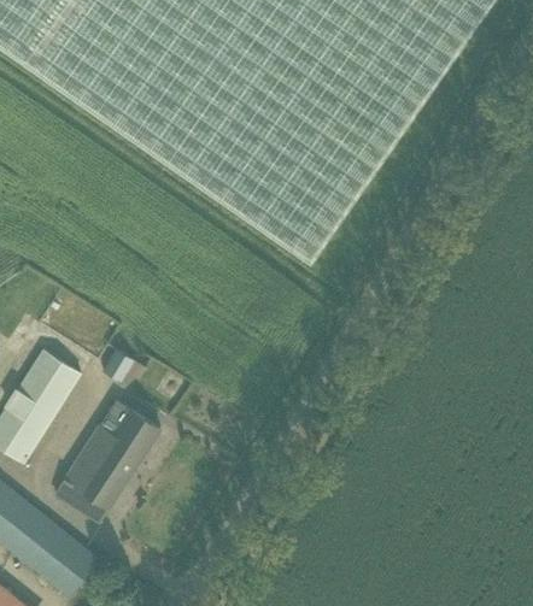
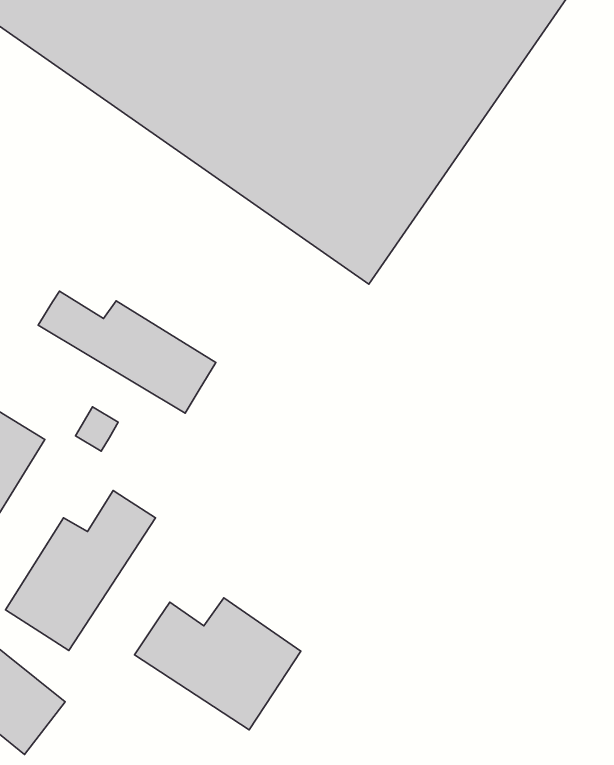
building: none -> [38,291,216,413]
building: none -> [135,598,301,730]

